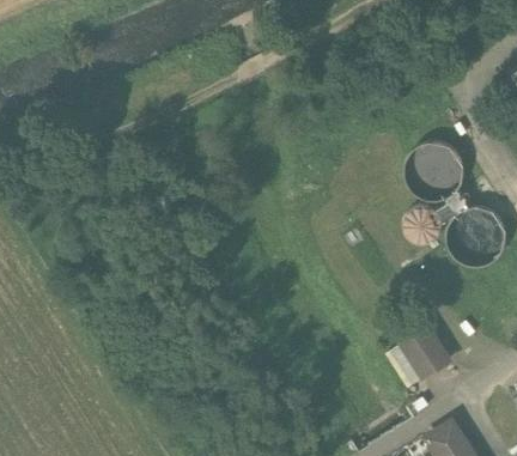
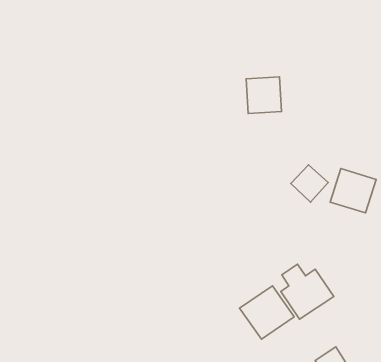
building: [412,144,455,188] -> [246,77,282,113]
building: none -> [240,286,294,339]

